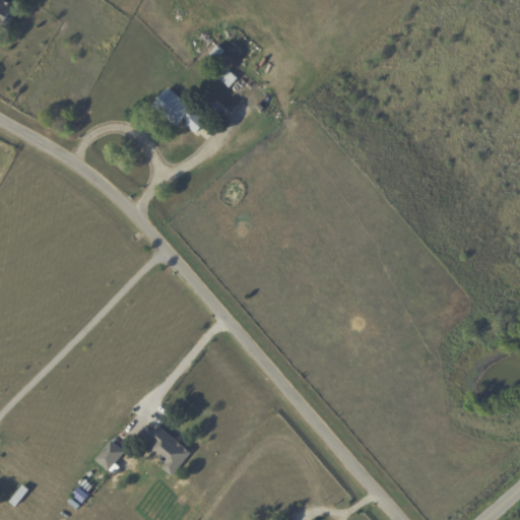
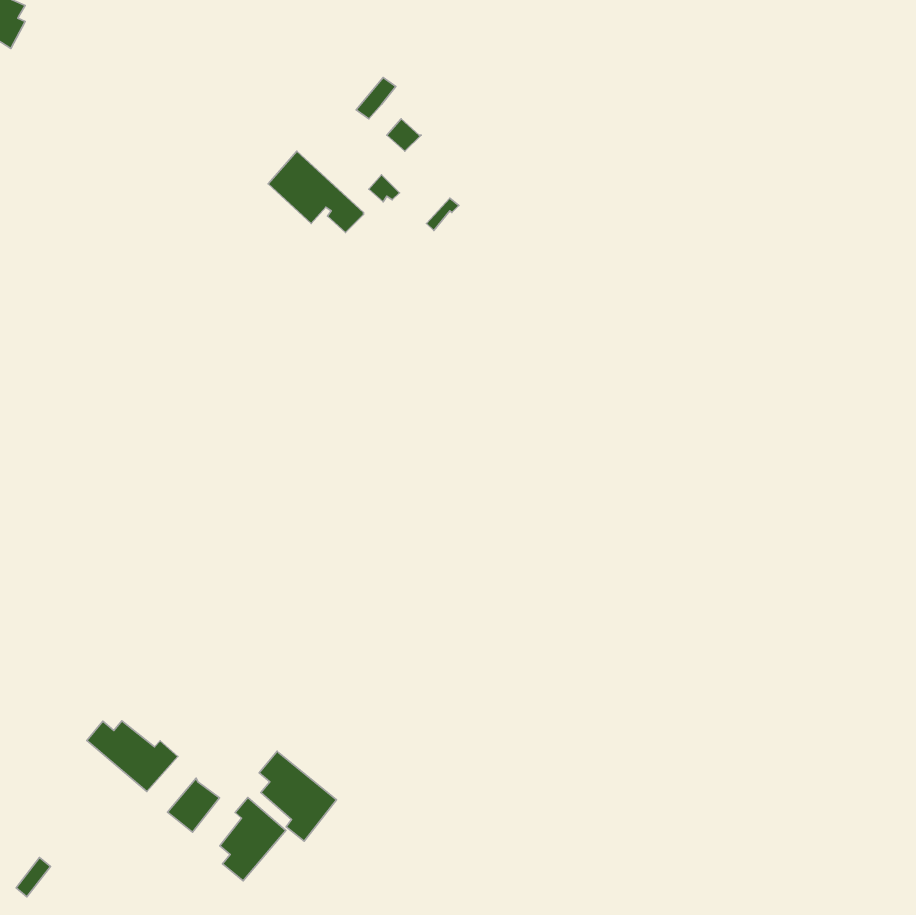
building: none -> [87,721,178,791]
building: none -> [220,797,286,881]

